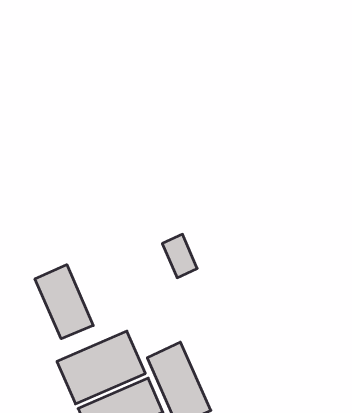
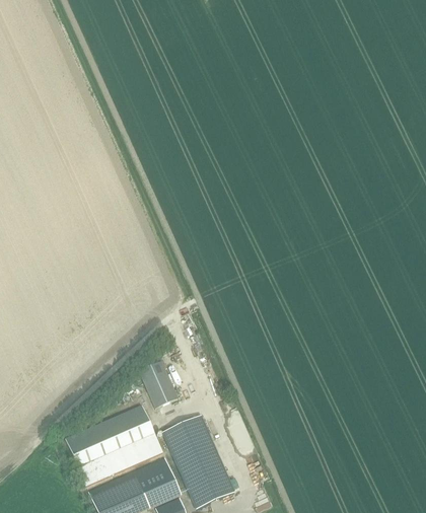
building: [162,234,197,278] -> [139,360,178,408]
building: [35,265,93,339] -> none

